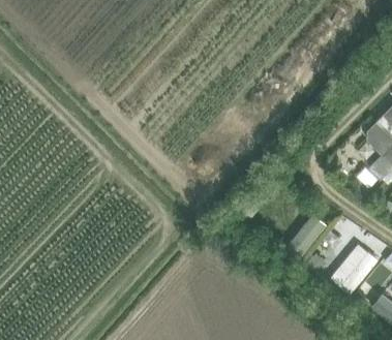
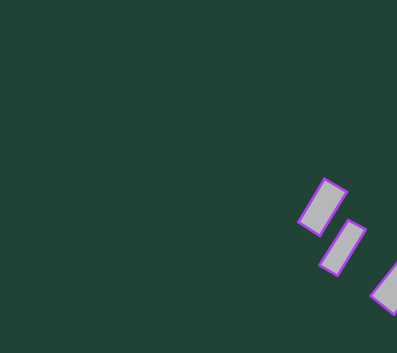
building: none -> [298,179,347,236]

